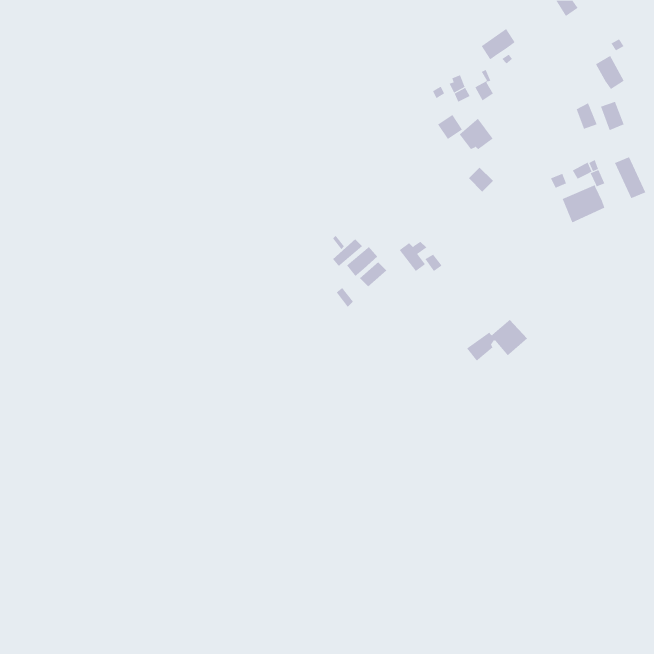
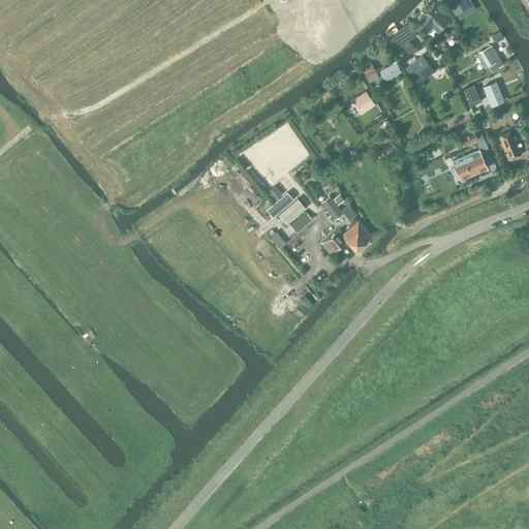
building: none -> [416,7,450,36]
building: [459,118,494,150] -> [407,56,435,82]
building: [466,319,528,361] -> [323,221,373,255]

